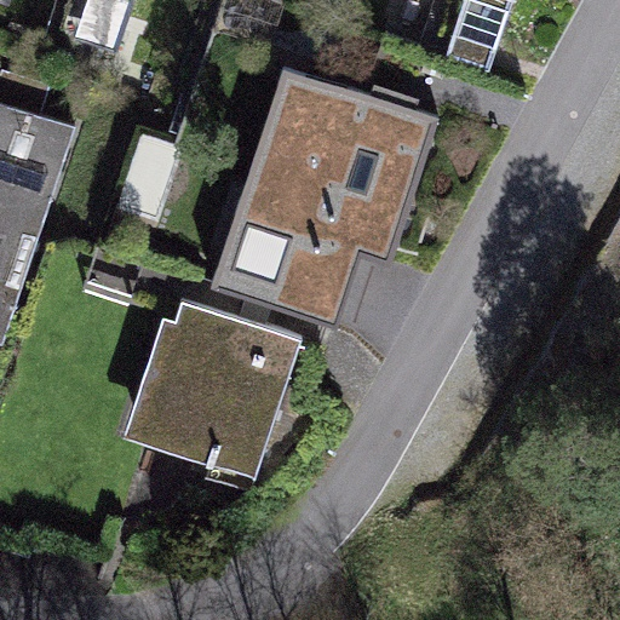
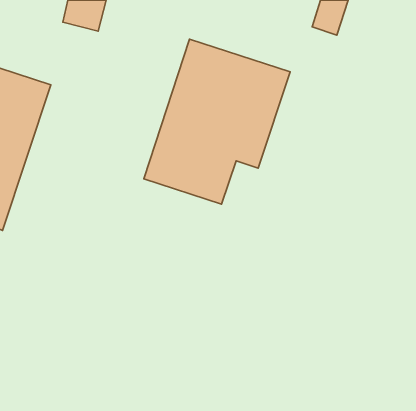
building: [121,297,300,480] -> none

